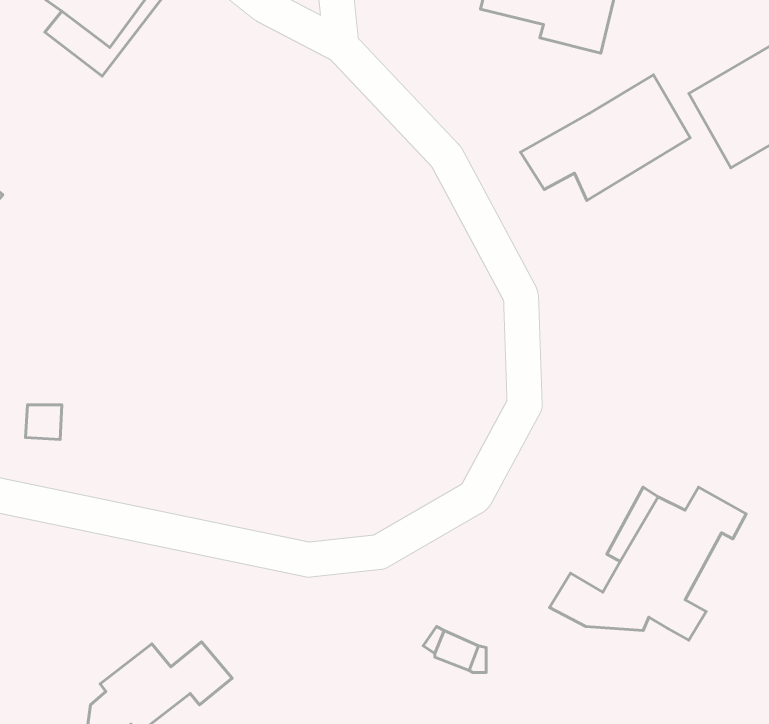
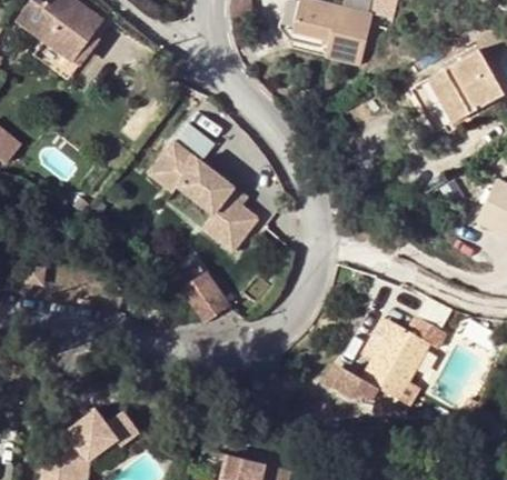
building: [520,75,690,201] -> none
building: none -> [150,140,260,250]
building: none -> [182,271,230,322]

